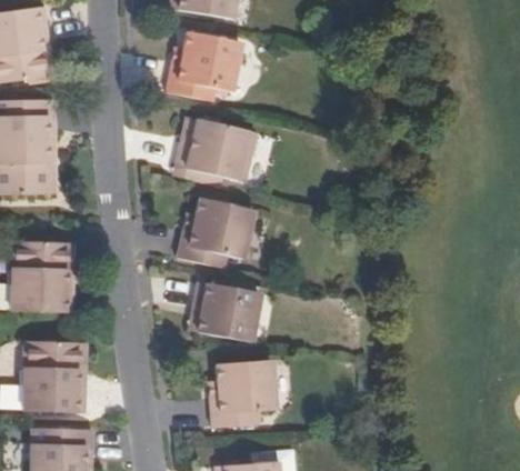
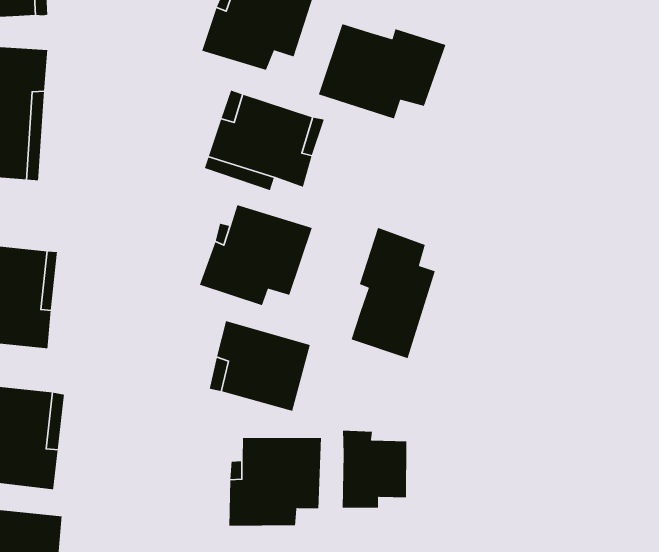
building: none -> [318,23,447,120]
building: none -> [351,227,436,359]
building: none -> [342,430,407,509]

